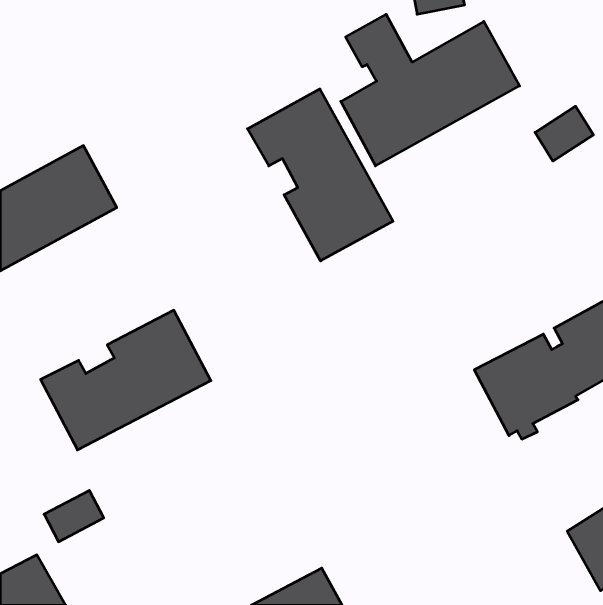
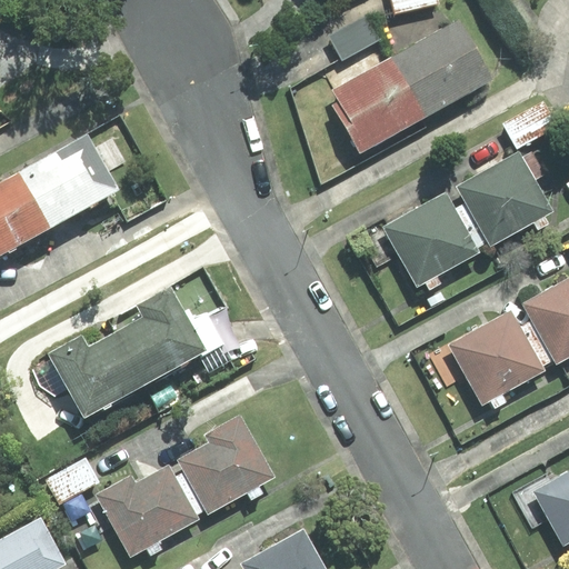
building: [247,89,393,261] -> none
building: none -> [378,151,556,292]
building: none -> [96,415,273,559]

